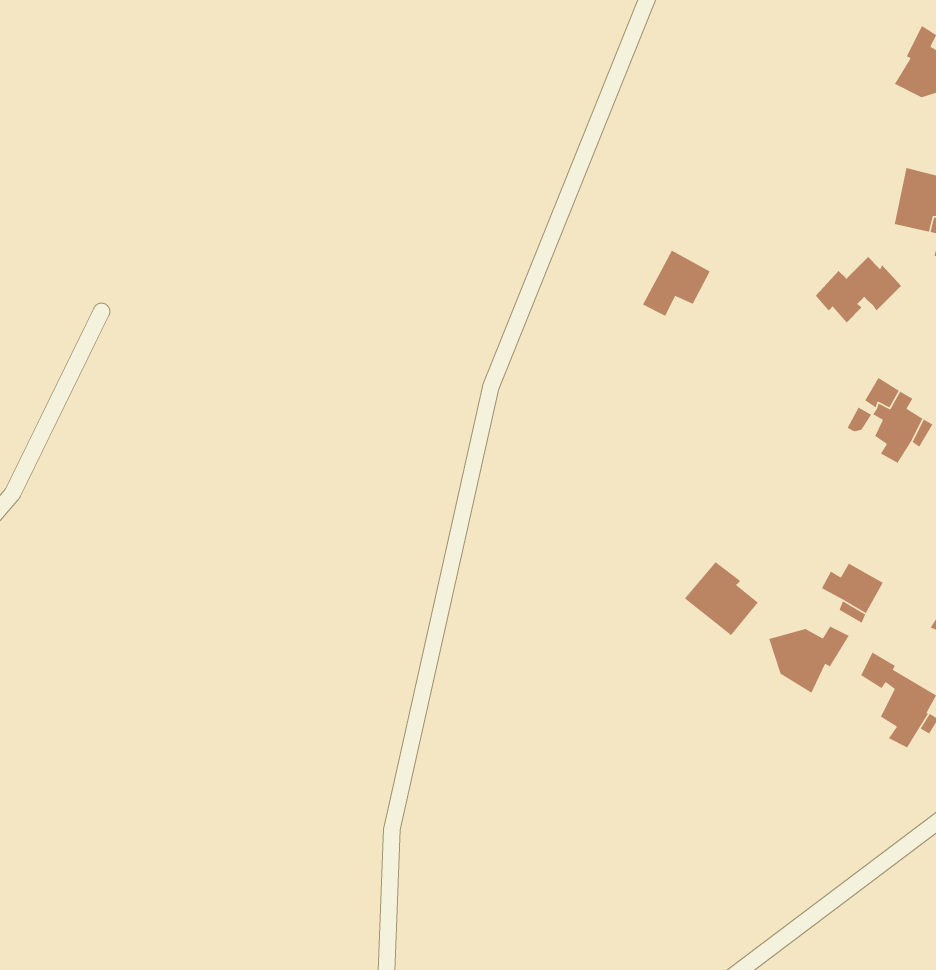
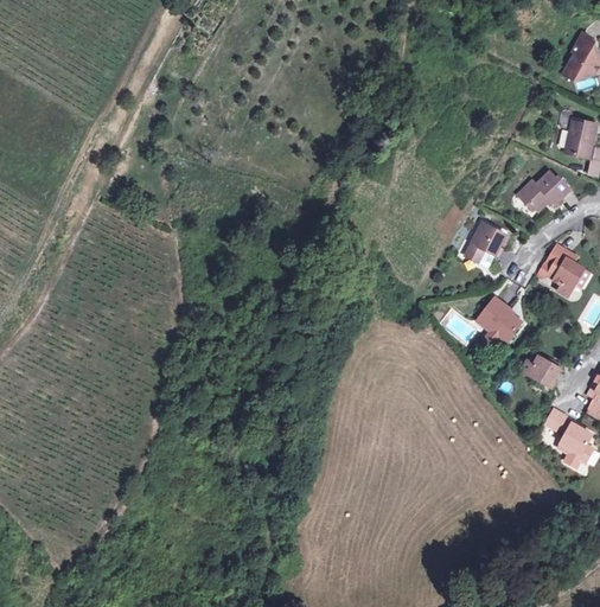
building: [642,250,711,317] -> [465,221,506,261]
building: [684,561,759,636] -> [477,296,522,341]
building: [768,625,850,694] -> none

